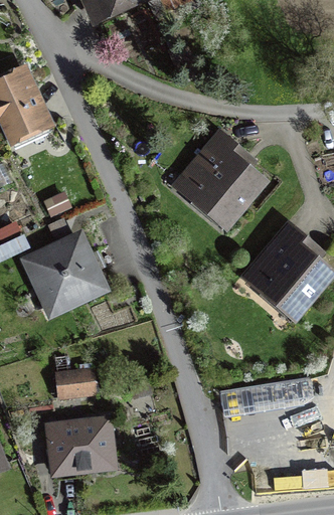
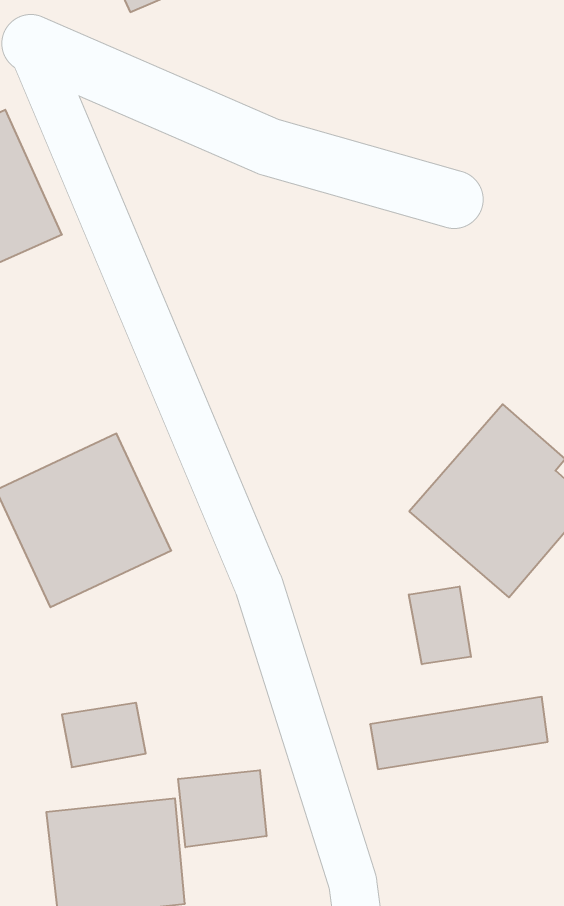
building: [164,125,266,226] -> none
building: none -> [409,586,471,664]
building: none -> [178,770,266,847]

